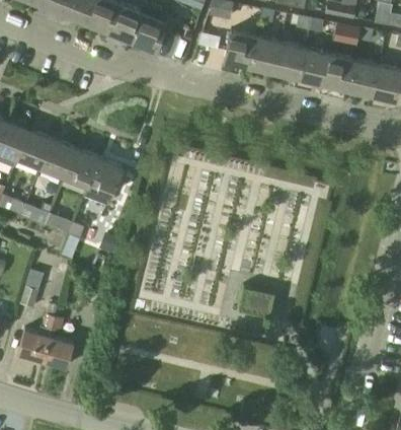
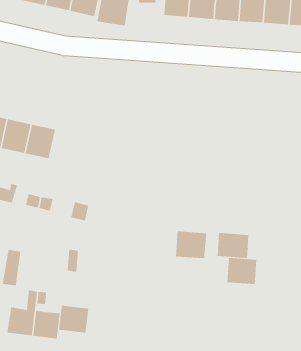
building: [84,157,123,204] -> none
building: none -> [175,231,207,259]
building: none -> [227,257,257,285]
building: none -> [58,305,89,333]

